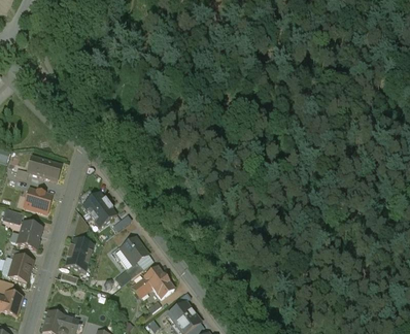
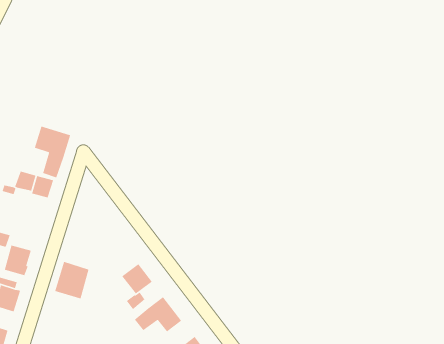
building: none -> [34,126,71,179]
building: [20,187,49,212] -> none
building: [79,190,117,229] -> none

